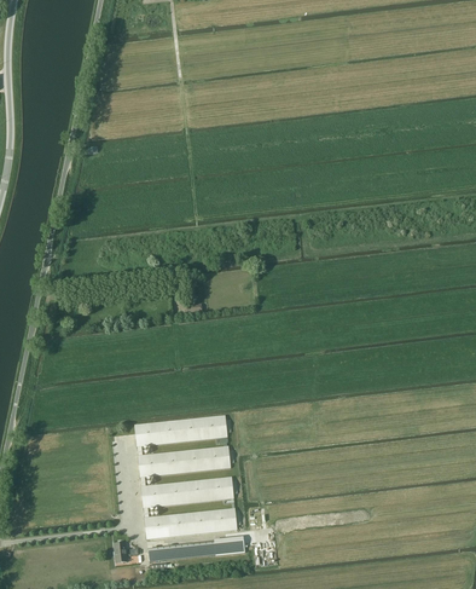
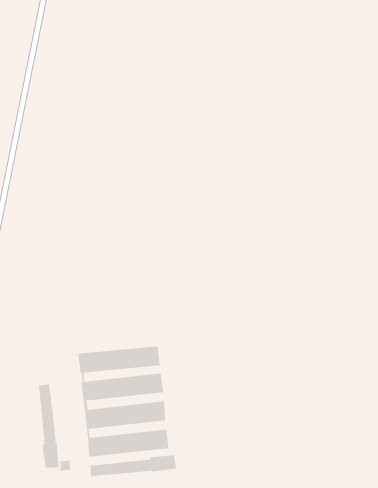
building: none -> [39,384,59,469]

